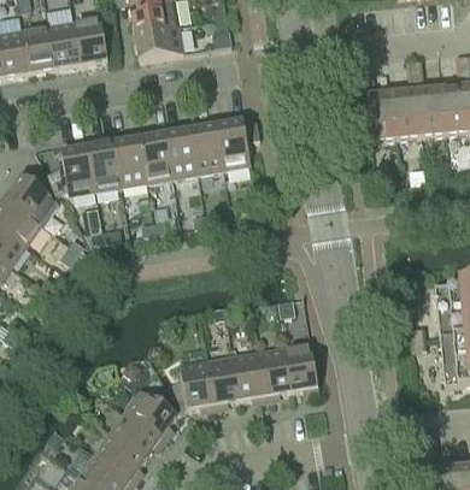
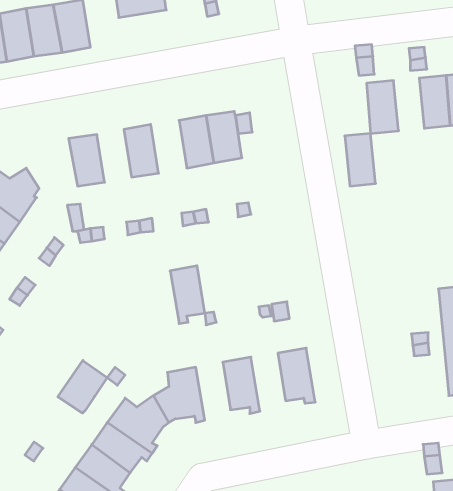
building: [134,25,183,59] -> none
building: [392,89,421,138] -> [345,133,376,186]
building: [164,129,198,178] -> none
building: [113,137,146,187] -> none
building: [47,146,95,195] -> none
building: [258,347,290,401] -> none
building: none -> [58,360,107,413]
building: [206,355,239,409] -> [170,266,205,324]

